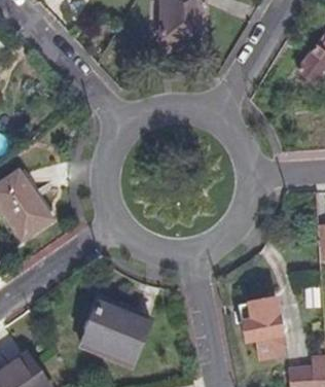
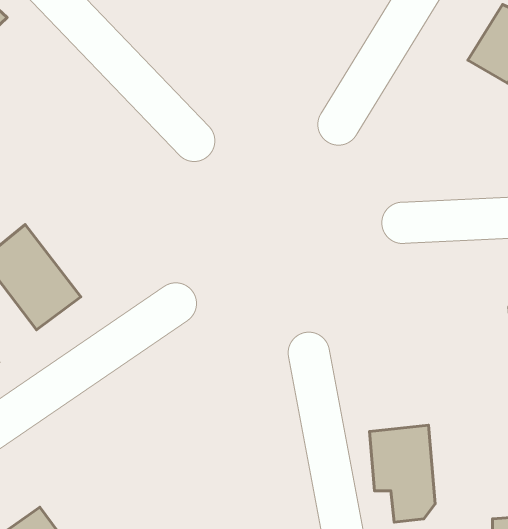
building: [83,296,153,360] -> none

